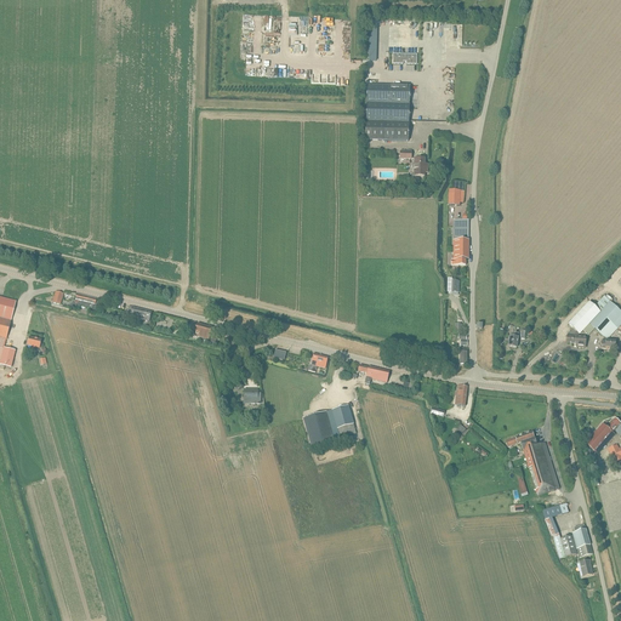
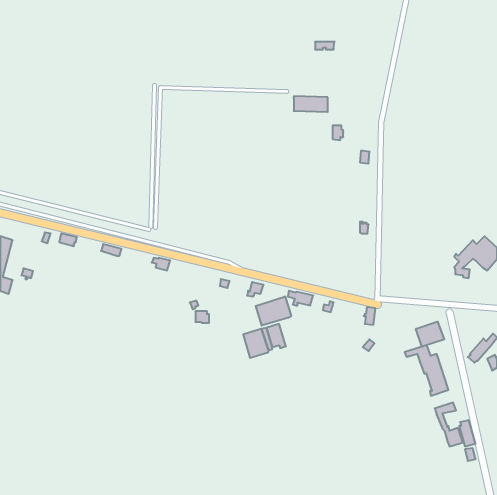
building: [366,84,410,121] -> none
building: [451,218,469,263] -> none
building: none -> [256,296,291,326]
building: none -> [416,322,444,347]

